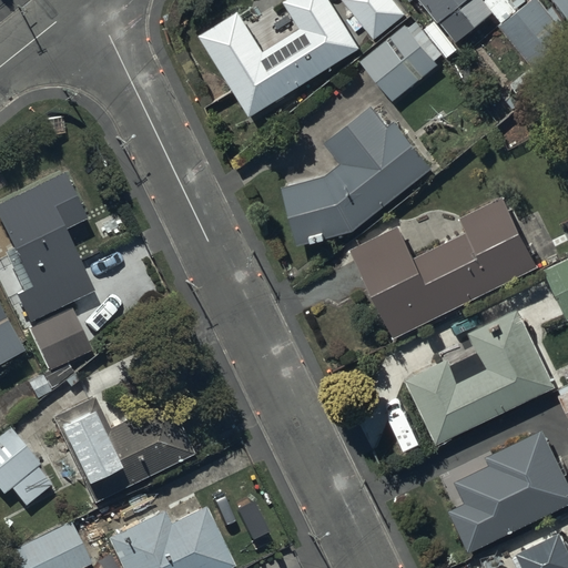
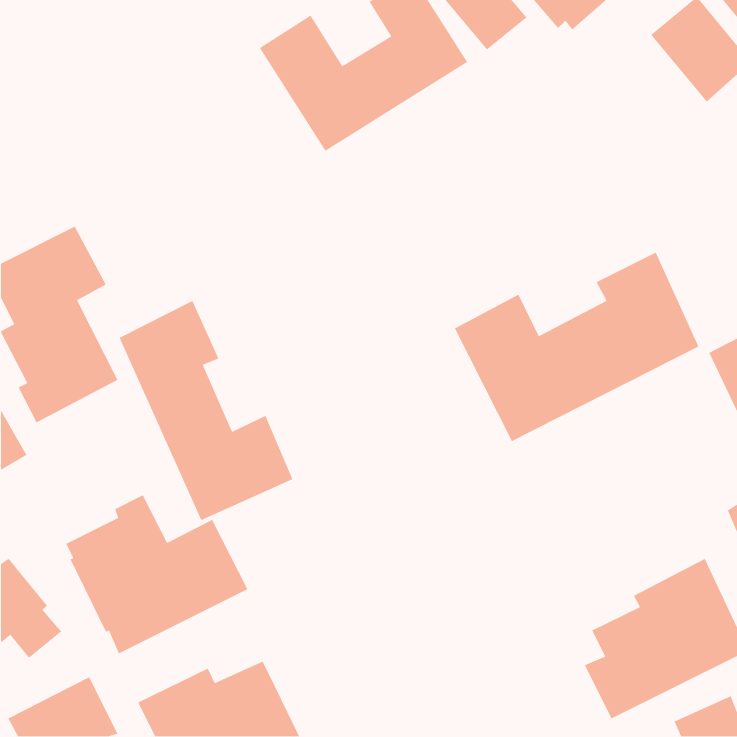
building: [362,21,443,101] -> none
building: [282,108,432,247] -> none
building: none -> [119,300,293,521]
building: [406,306,557,444] -> none
building: [29,308,88,368] -> none

